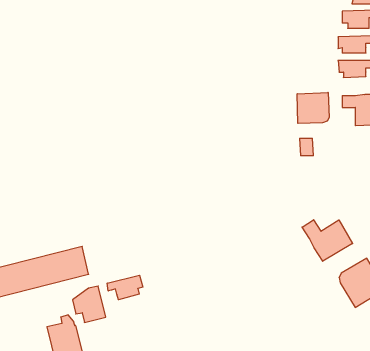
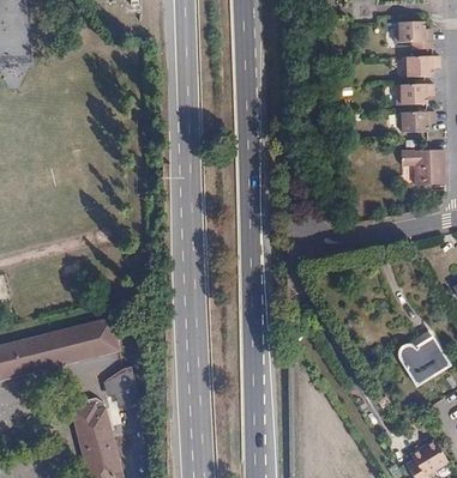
building: [297,92,329,123] -> none
building: [302,220,353,261] -> none
building: [107,275,143,300] -> none

